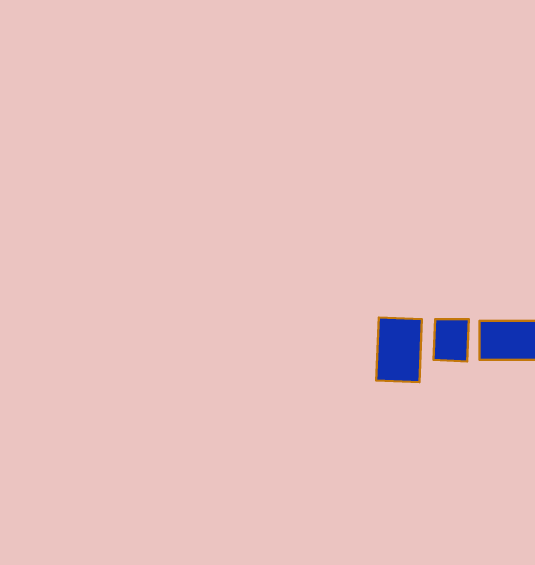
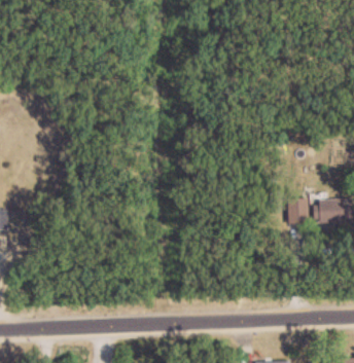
building: [376,317,422,382] -> none

